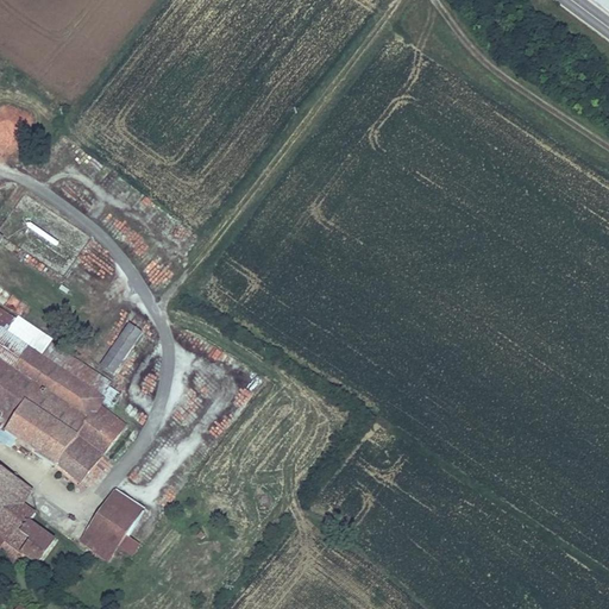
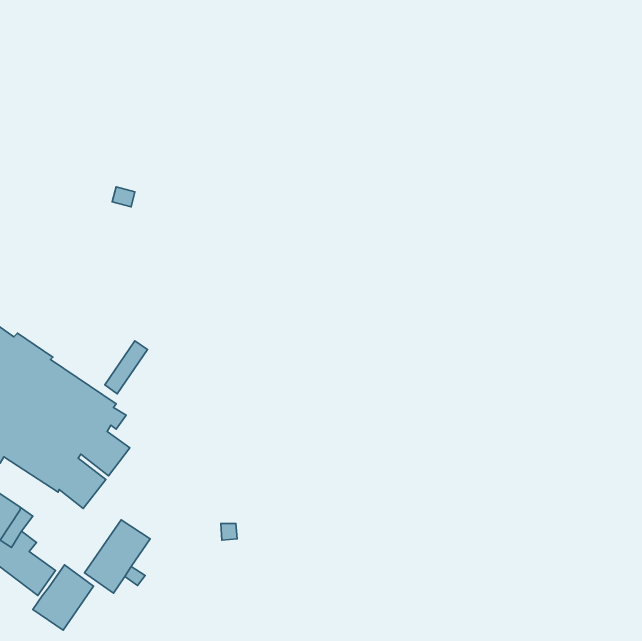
building: none -> [33,565,94,630]

